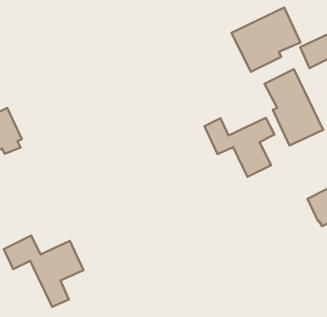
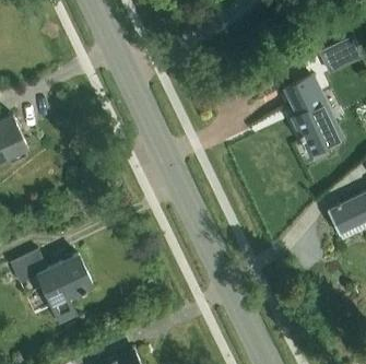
building: [232,8,301,72] -> none
building: [204,118,274,177] -> none

